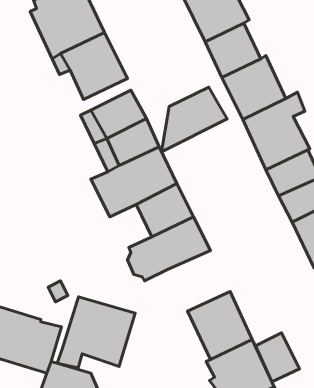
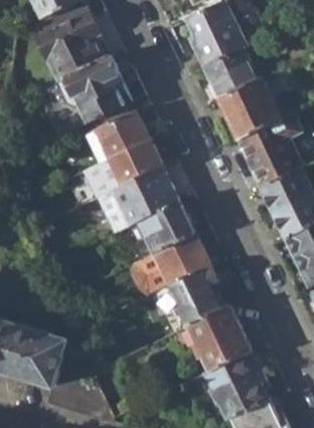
building: [161,87,227,152] -> none
building: none -> [169,267,229,329]
building: [57,297,135,368] -> none
building: [255,333,299,382] -> none

